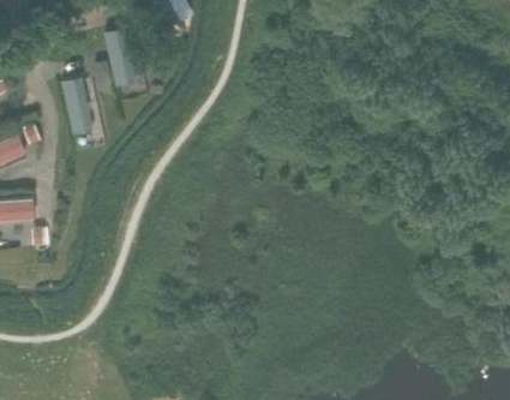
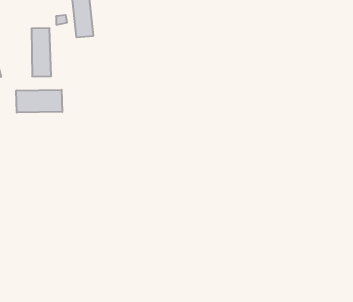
building: none -> [16,90,62,113]

